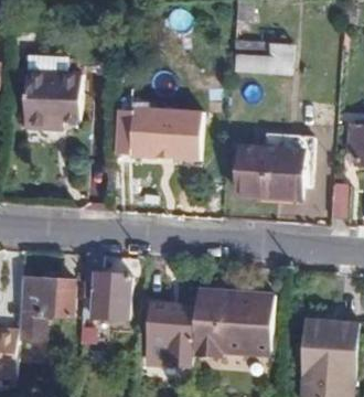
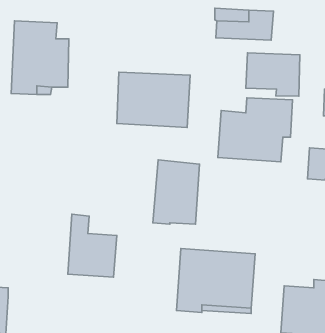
building: none -> [246,53,300,96]
building: [19,278,74,340] -> none
building: [144,301,193,367] -> [153,160,200,224]

